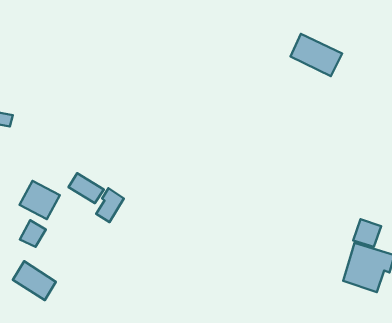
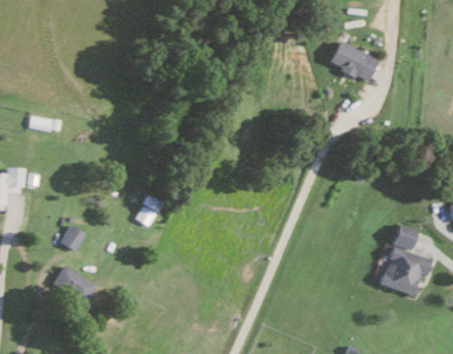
building: [68,173,104,203] -> none
building: [19,181,60,219] -> none

